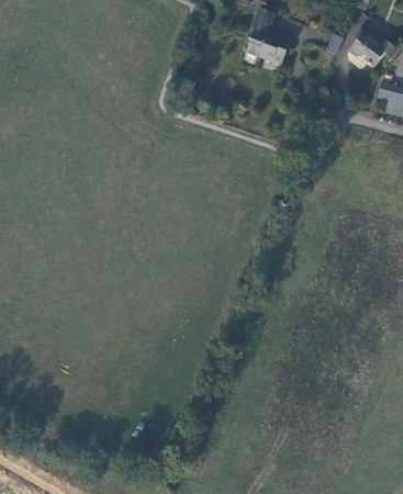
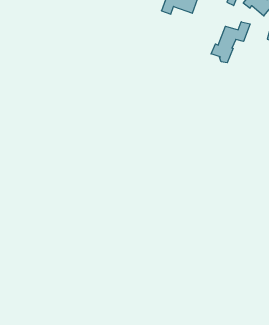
building: none -> [211,22,250,63]

